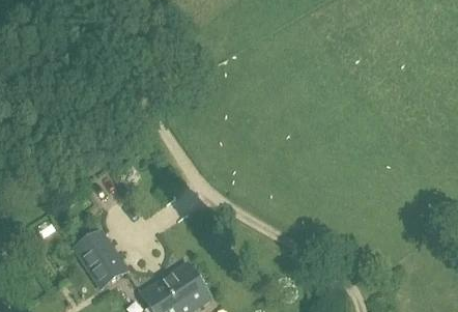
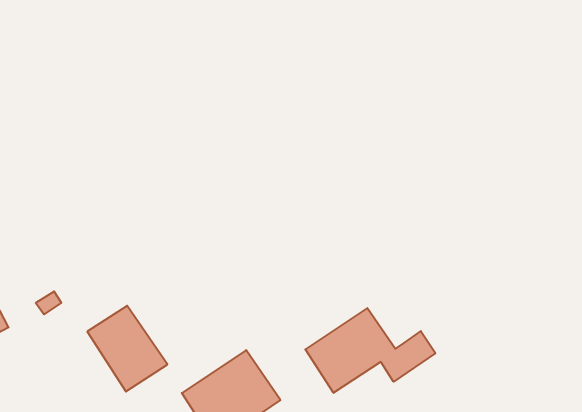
building: none -> [305,308,435,393]

